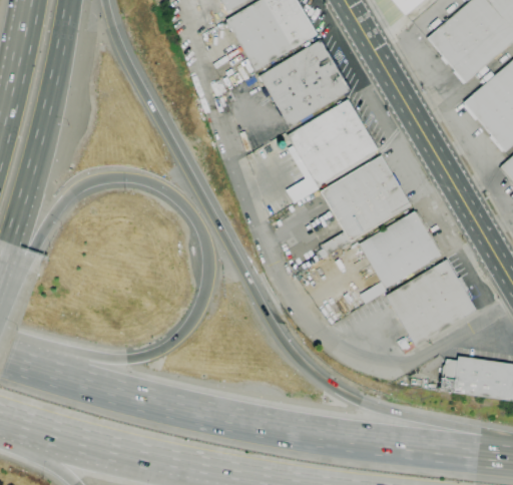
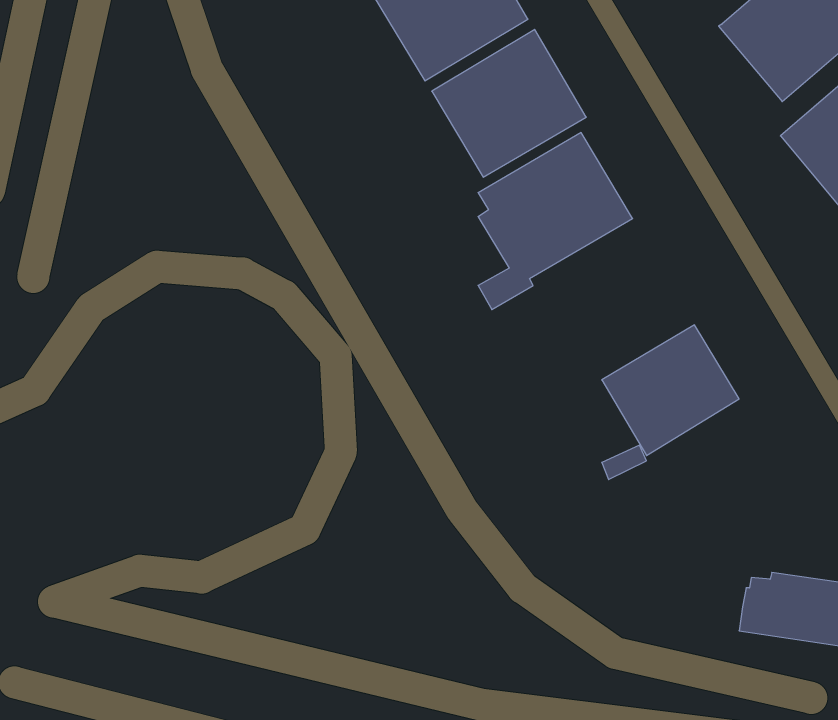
building: [321,155,411,254] -> none
building: [386,259,477,346] -> none

